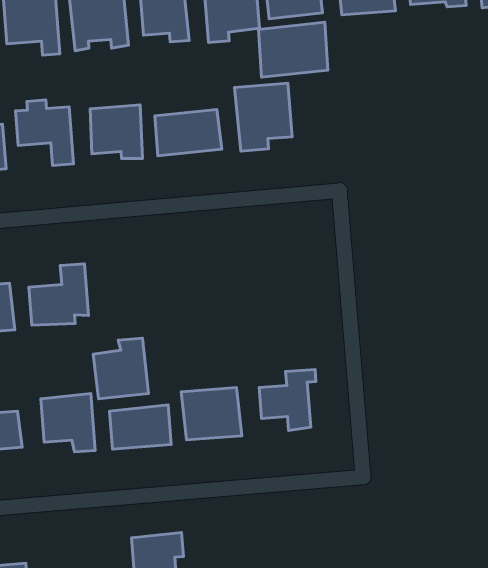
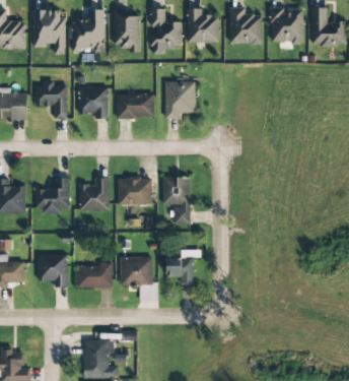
building: [259,22,328,77] -> none
building: none -> [163,177,192,224]
building: none -> [119,178,153,205]
building: [93,338,148,399] -> [80,178,111,211]

